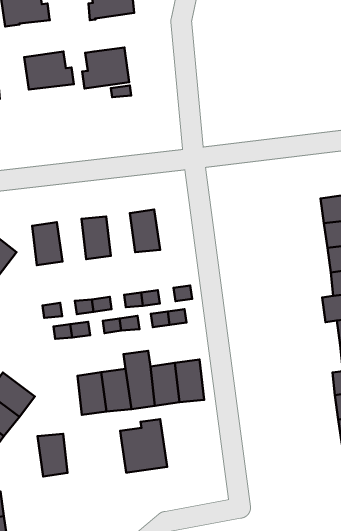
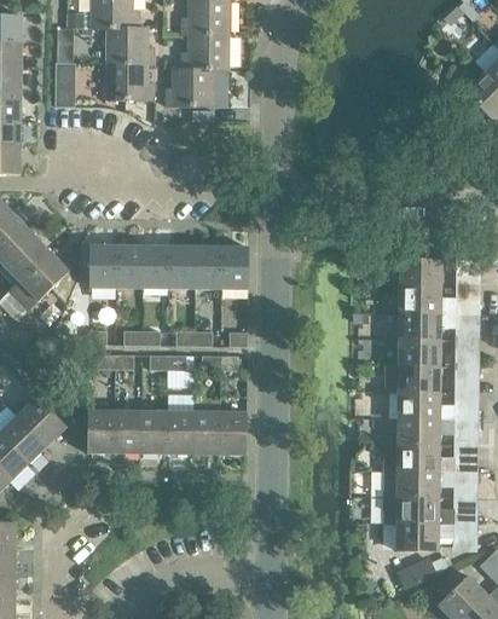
building: none -> [181,34,230,70]
building: none -> [106,28,155,65]
building: none -> [221,245,249,289]
building: none -> [168,245,195,288]
building: none -> [116,244,143,288]
building: [120,419,167,473] -> none
building: [37,434,68,476] -> [87,409,115,452]

